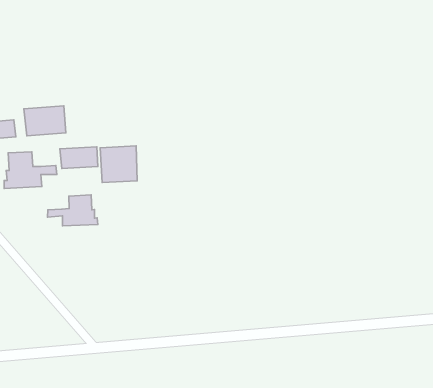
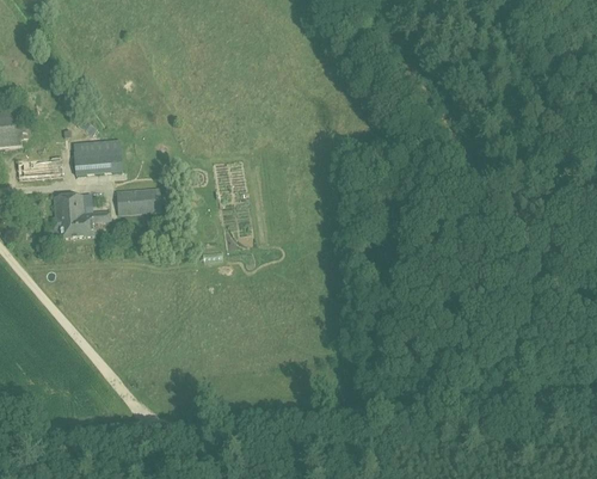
building: [100,146,137,183] -> none
building: [48,195,98,226] -> none

